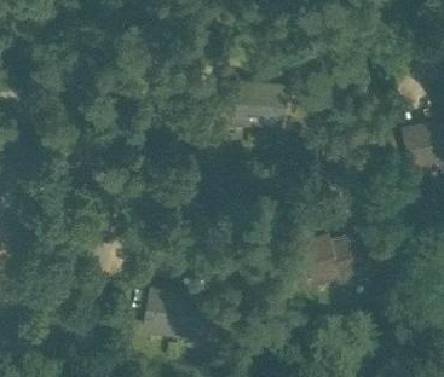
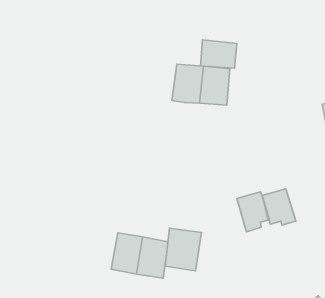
building: none -> [201,40,237,68]
building: none -> [165,228,202,271]

